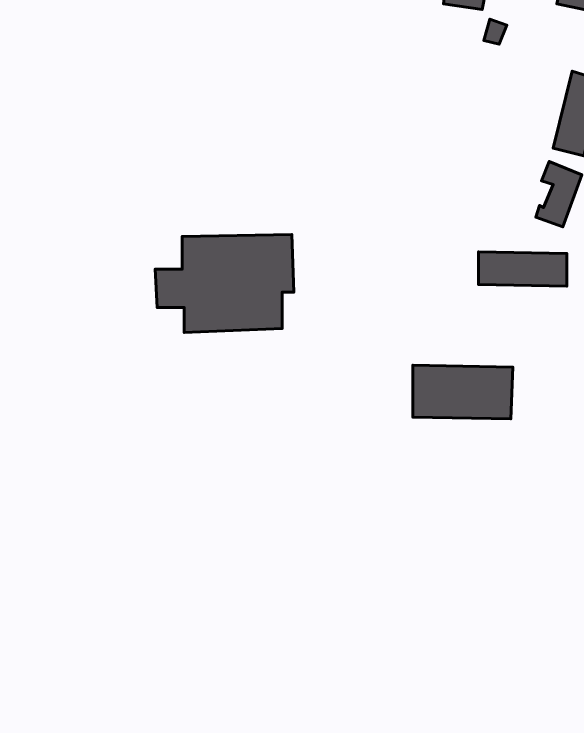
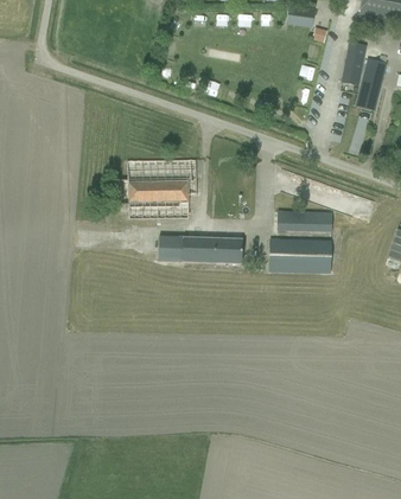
building: none -> [342,41,365,85]
building: [479,252,567,286] -> [276,210,331,231]
building: none -> [158,230,242,263]

